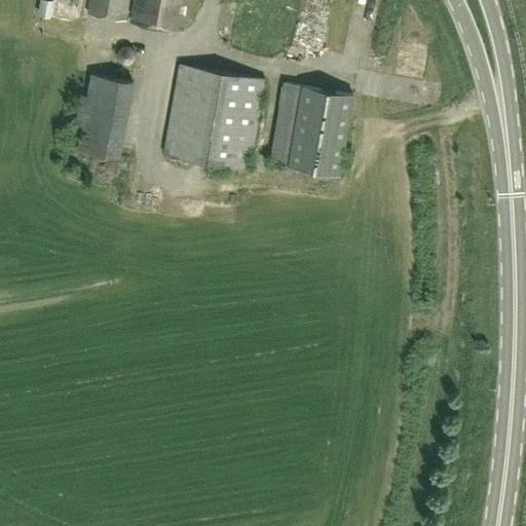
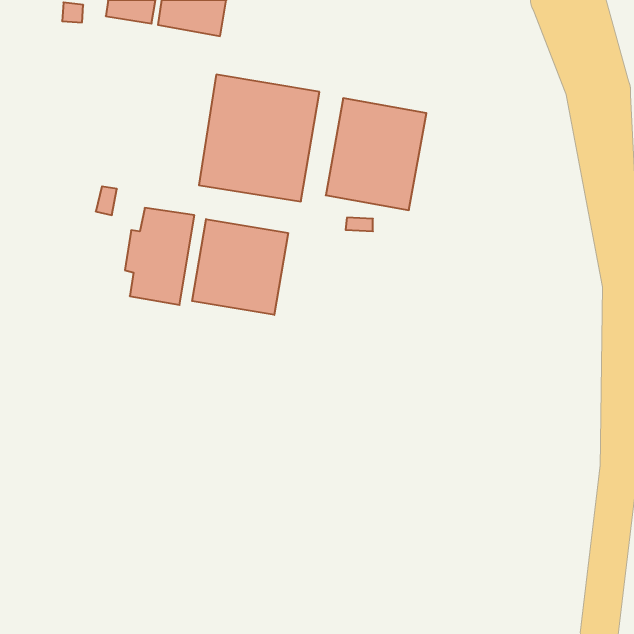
building: [74,75,132,155] -> [125,208,194,305]
building: none -> [192,219,288,315]

